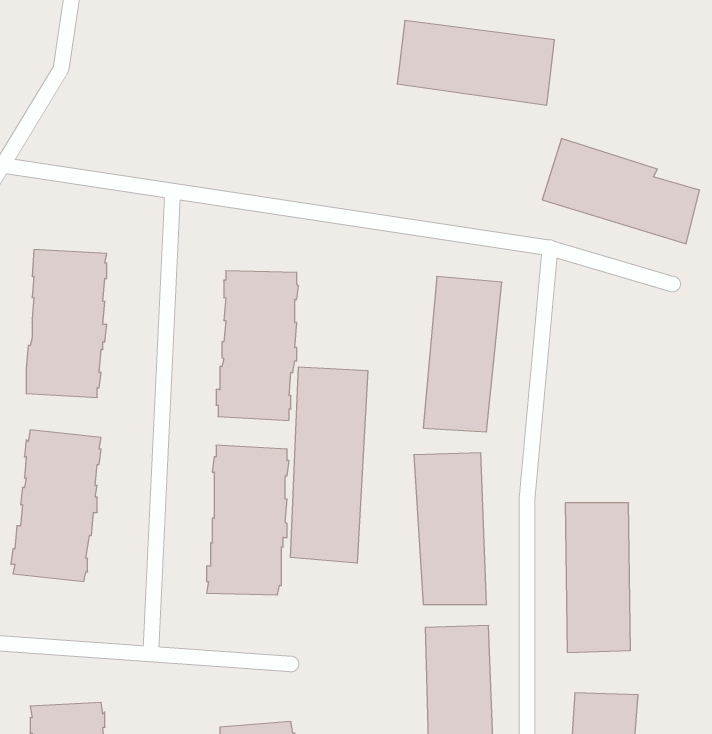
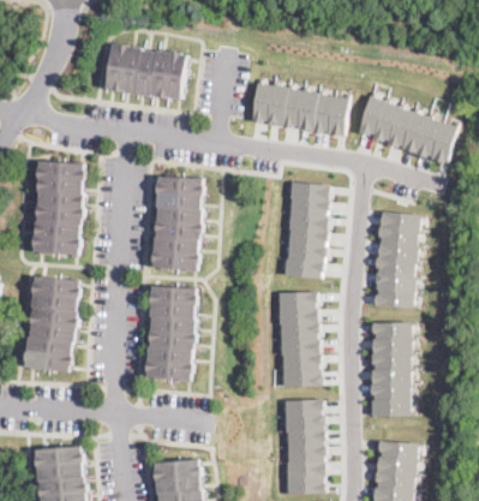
building: [397,21,554,105] -> [250,83,348,136]
building: none -> [104,43,187,99]
building: none -> [373,210,419,308]
building: [290,367,368,563] -> none

